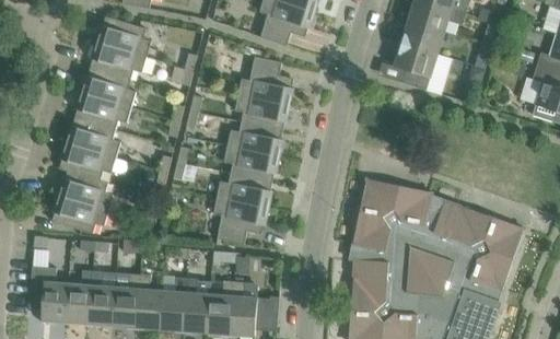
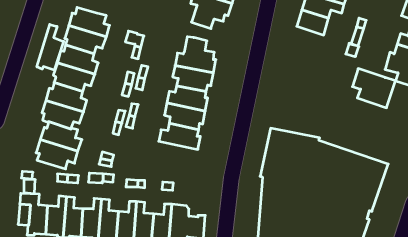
building: none -> [37,24,64,70]
building: [394,43,452,95] -> [352,69,396,108]
building: [213,197,269,244] -> none

